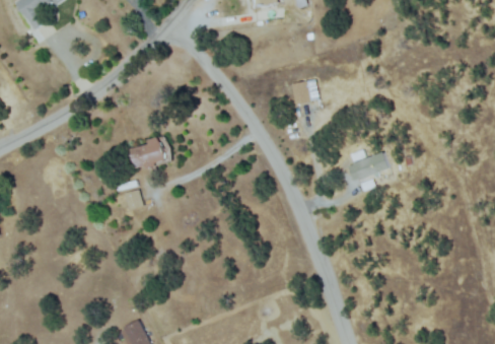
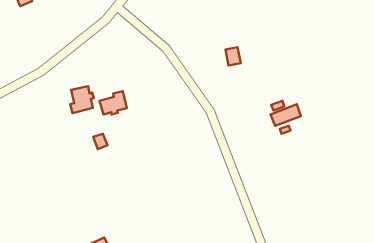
building: none -> [70,86,94,113]

